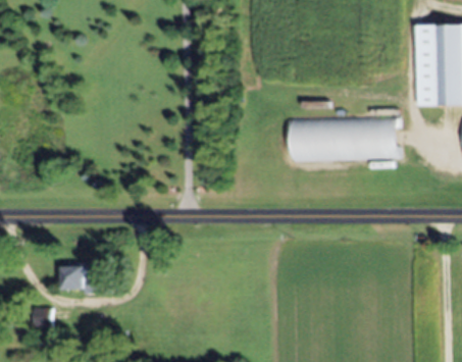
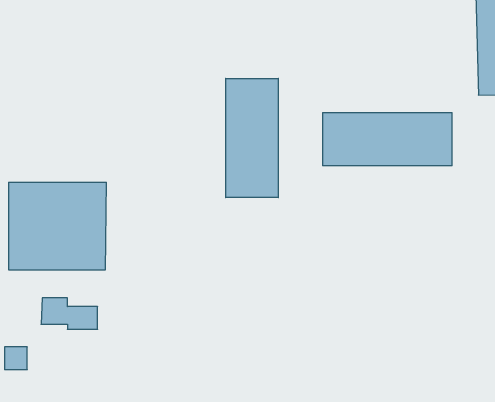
building: none -> [226,78,278,198]
building: none -> [9,182,106,270]

